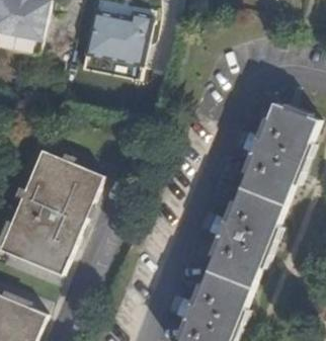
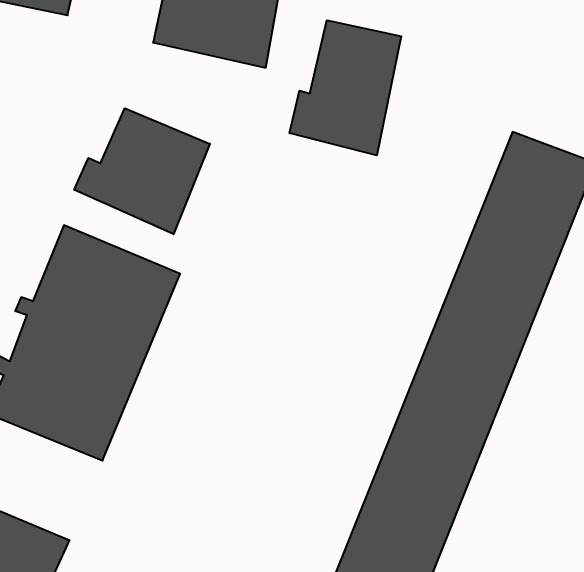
building: none -> [290,20,401,155]
building: none -> [74,108,210,234]

